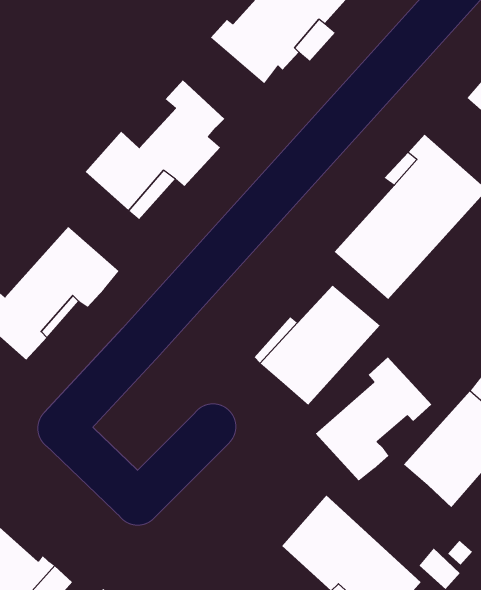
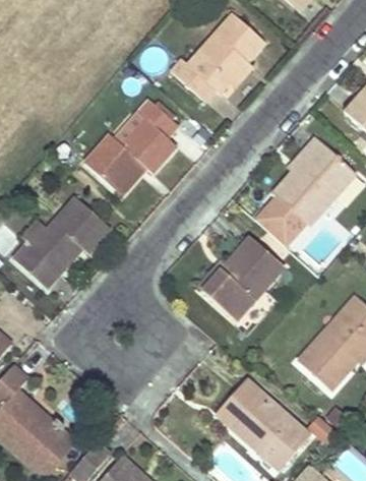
building: [315,356,432,482] -> none

